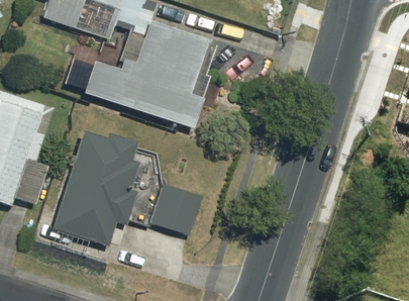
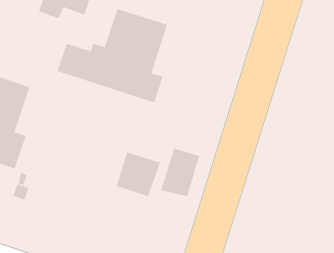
building: [54,128,139,244] -> none
building: none -> [161,148,200,197]

